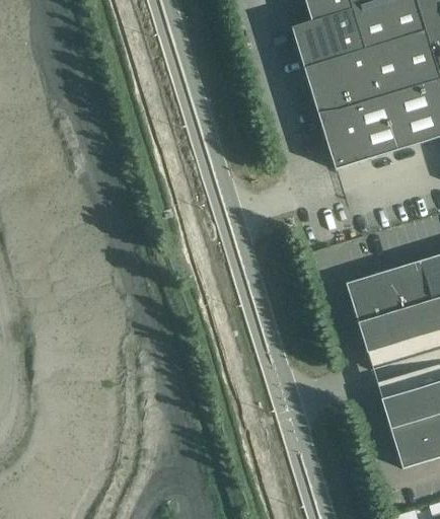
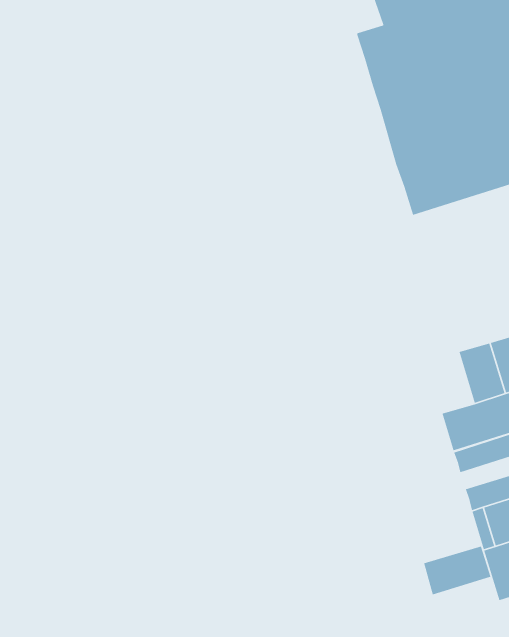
building: [346,274,383,321] -> none
building: none -> [423,545,492,596]

